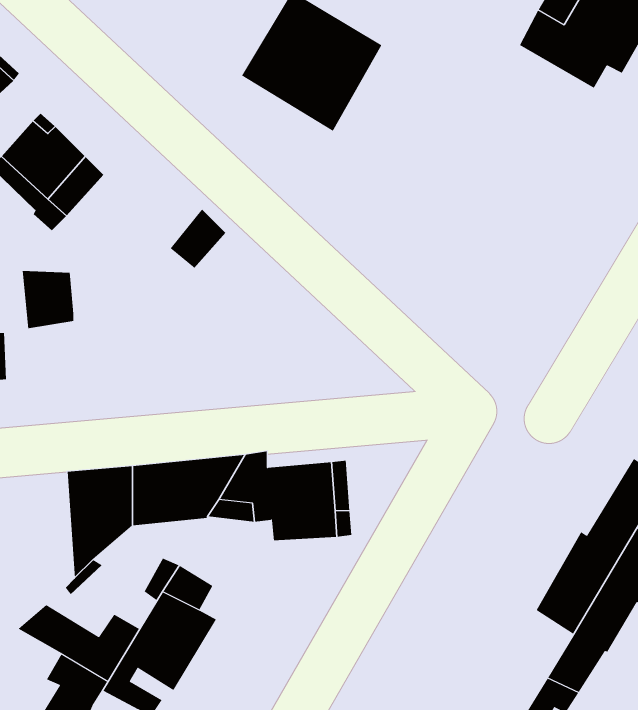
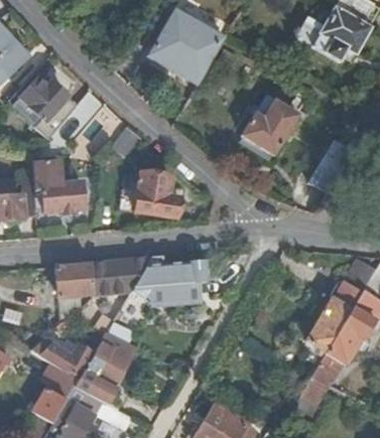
building: none -> [241,95,297,154]
building: none -> [309,140,354,194]
building: none -> [136,173,178,216]
building: none -> [34,180,86,214]

